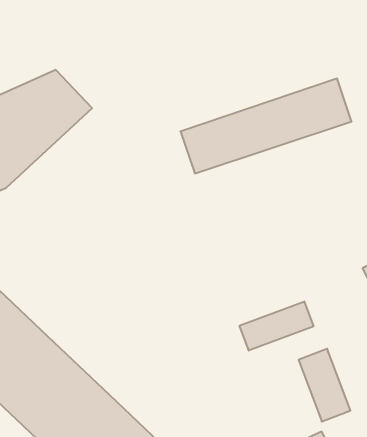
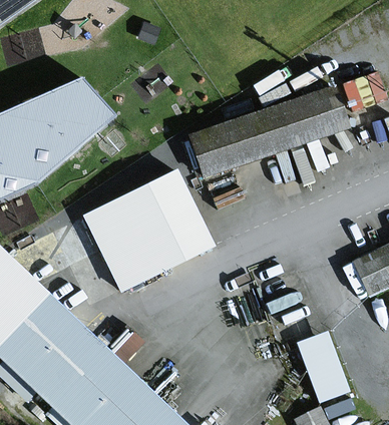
building: none -> [87,172,209,286]
building: [240,301,313,351] -> none

